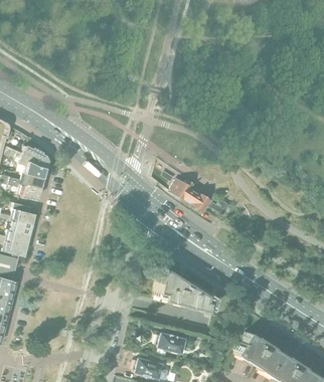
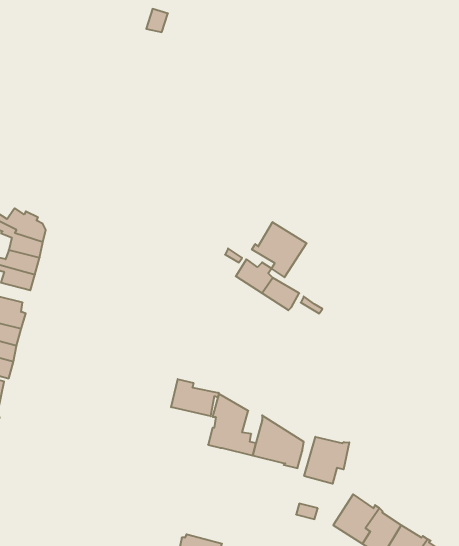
building: none -> [252,222,307,277]
building: none -> [171,379,219,416]
building: none -> [304,437,349,484]
building: [156,334,185,354] -> none

